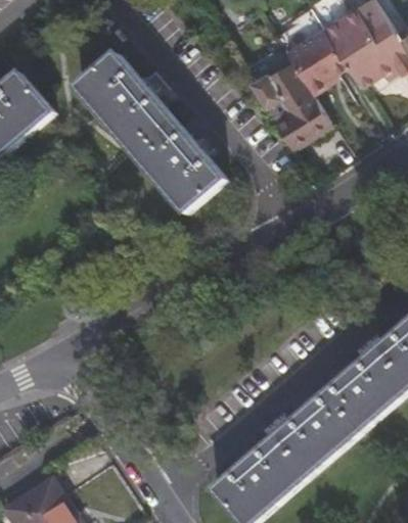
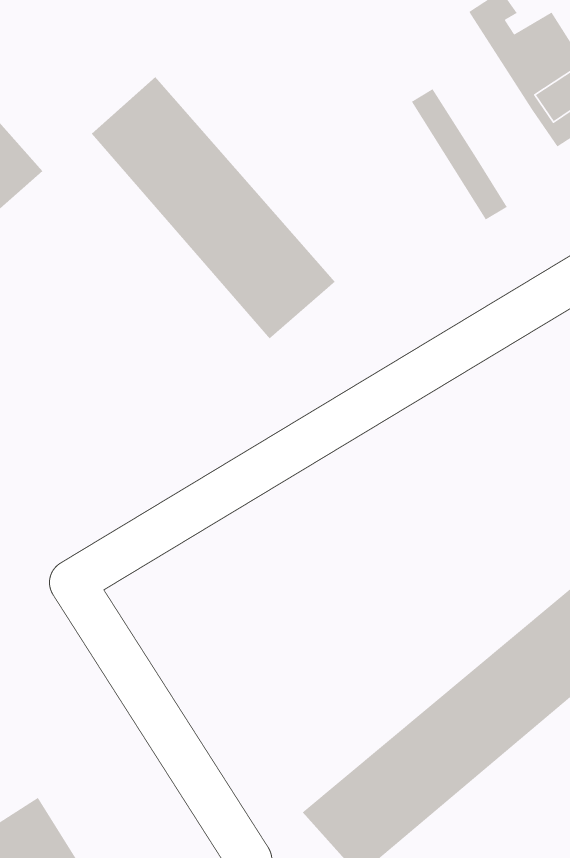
building: [274,11,344,97] -> none
building: [246,63,316,151] -> none

